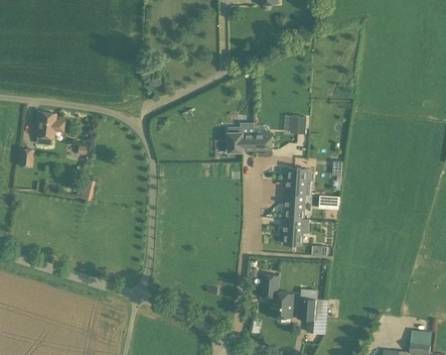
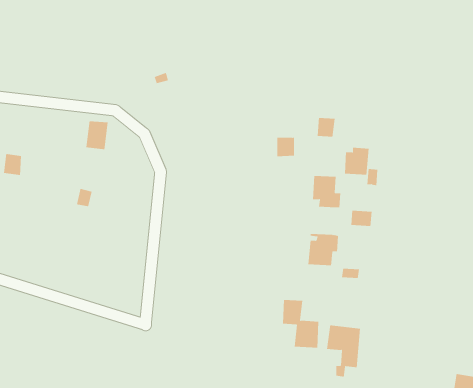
building: [34,112,54,137] -> [85,121,109,150]
building: [229,127,255,151] -> none
building: [284,194,306,218] -> [344,147,370,175]

